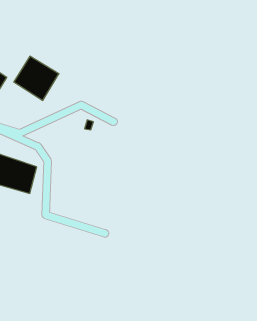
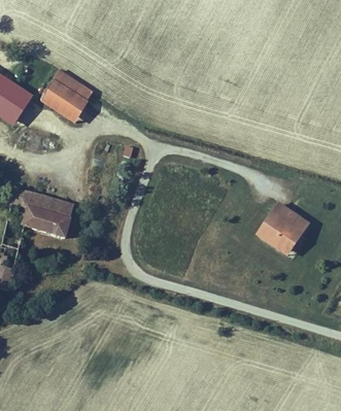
building: none -> [255,200,311,255]

